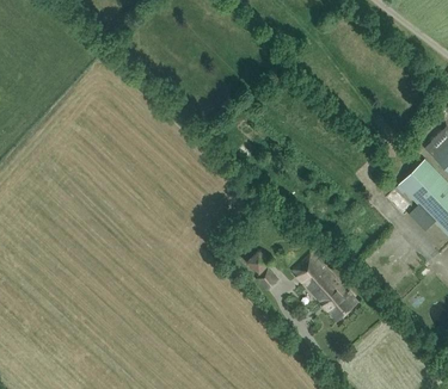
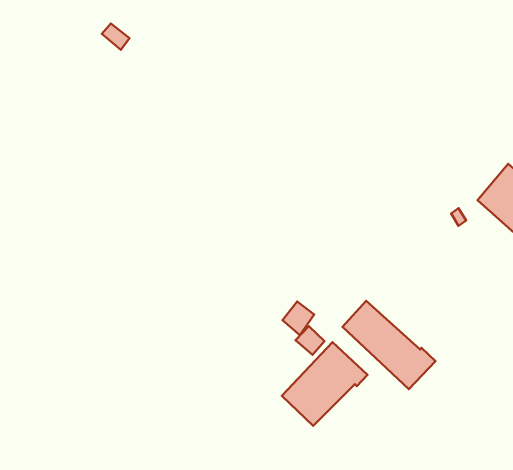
building: none -> [282,342,367,426]

